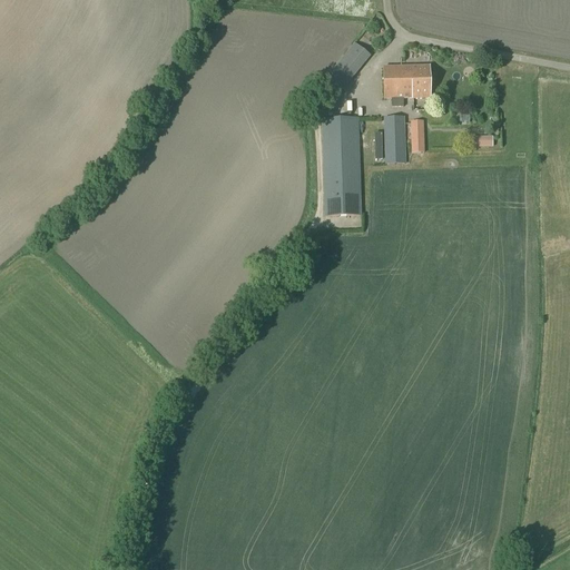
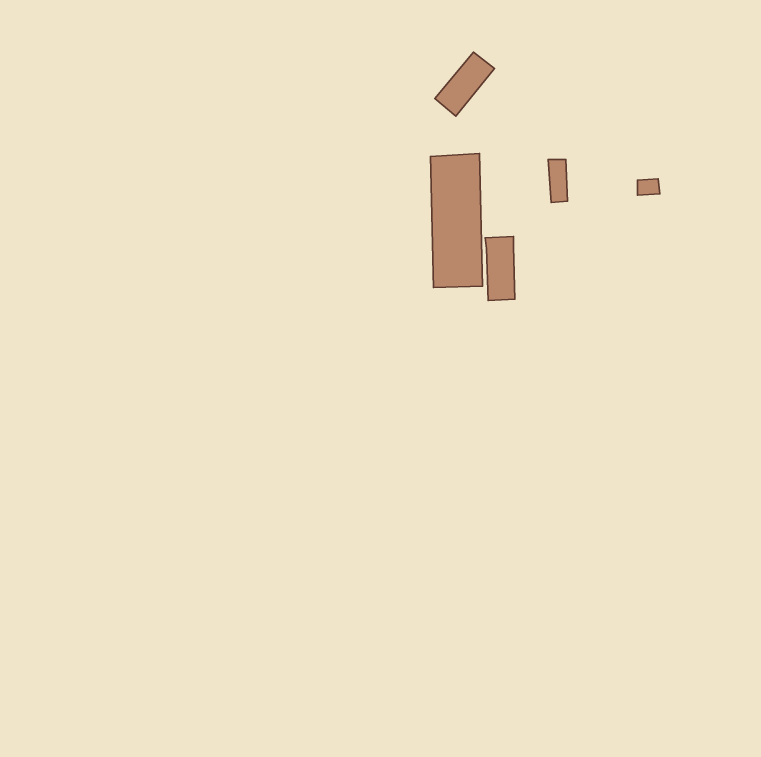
building: [383,63,431,105] -> none
building: [383,115,405,163] -> [485,236,515,301]

